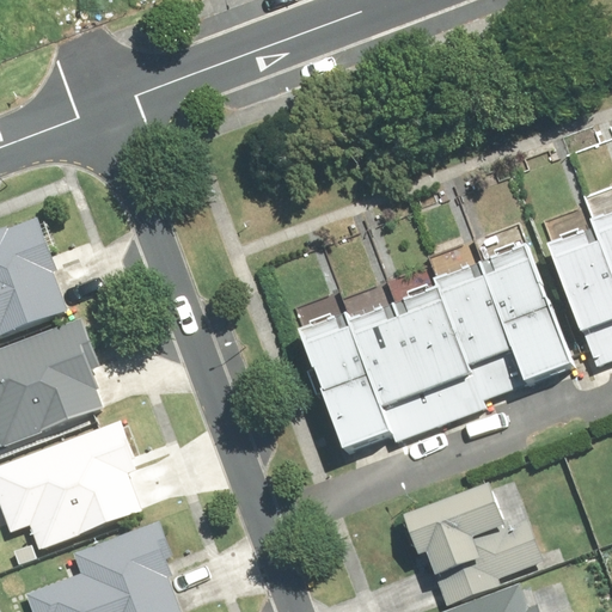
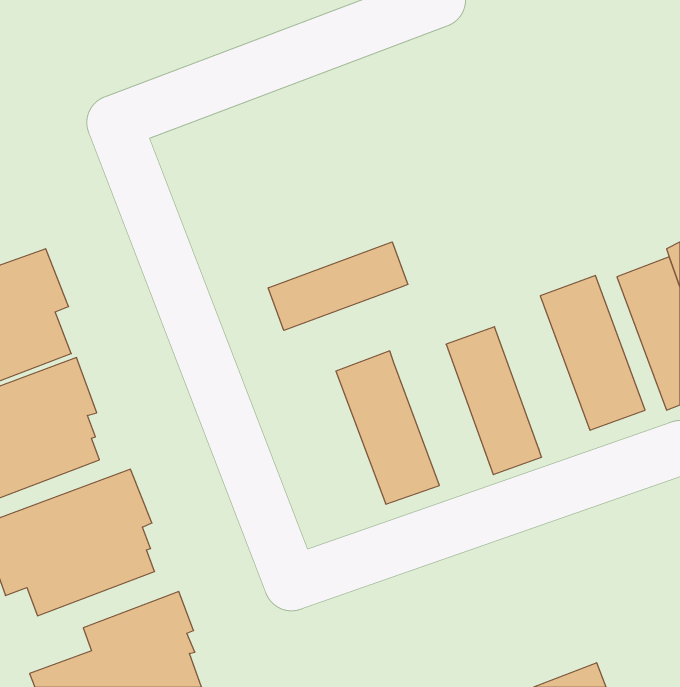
building: none -> [268,242,408,330]
building: [435,263,525,399] -> none
building: [350,306,439,439] -> none
building: [406,481,544,606] -> none

